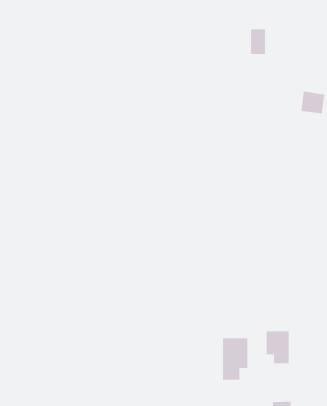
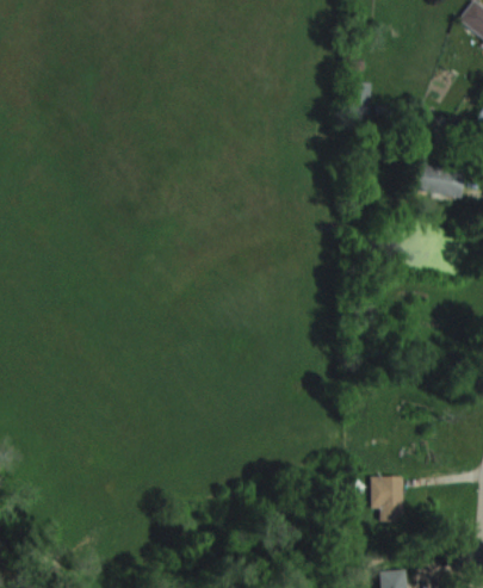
building: [222,338,248,380] -> none

